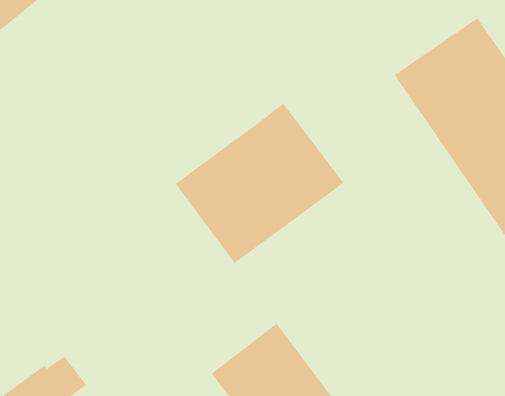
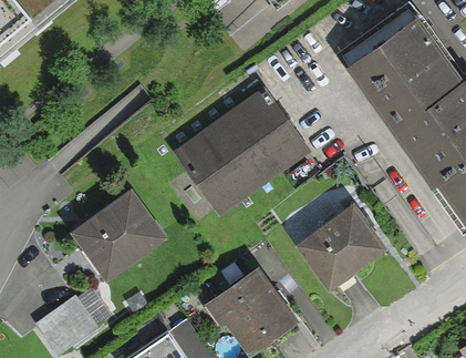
building: none -> [75,191,168,282]
building: none -> [299,203,390,290]

